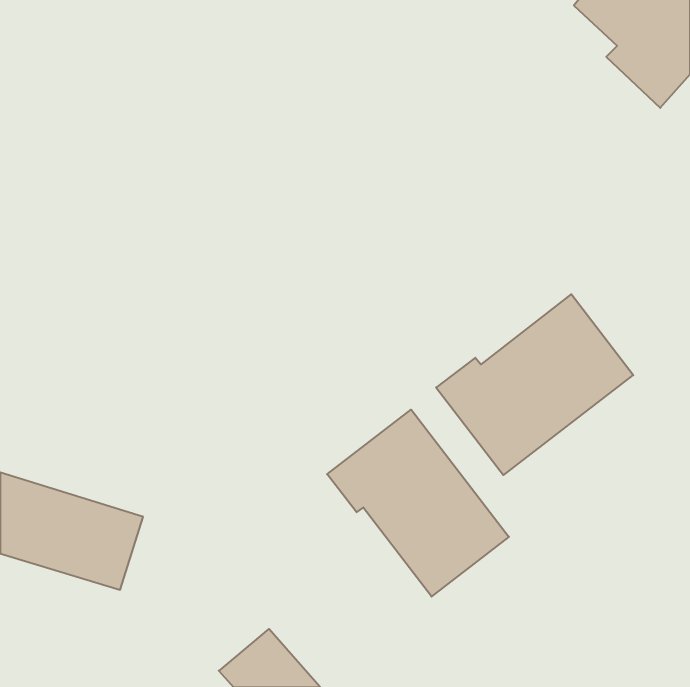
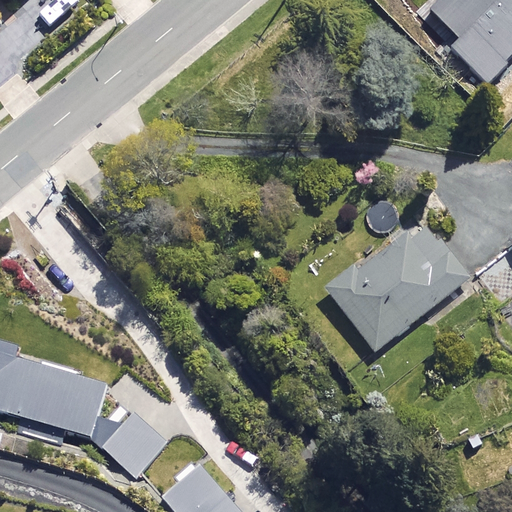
building: [327,410,509,597] -> none
building: none -> [103,415,163,476]

